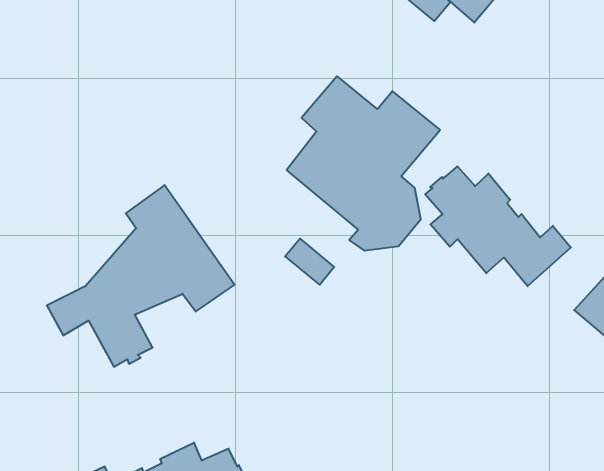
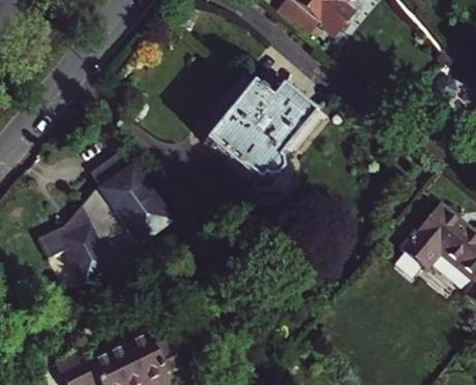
building: [425,166,571,286] -> none

